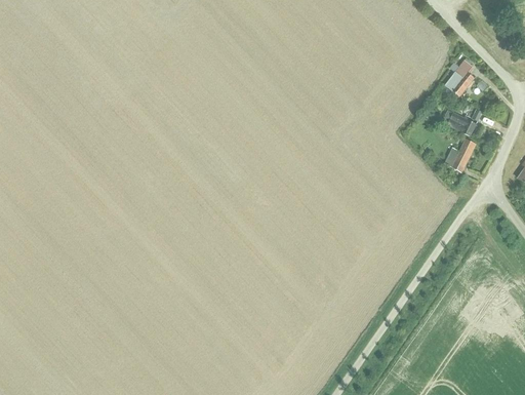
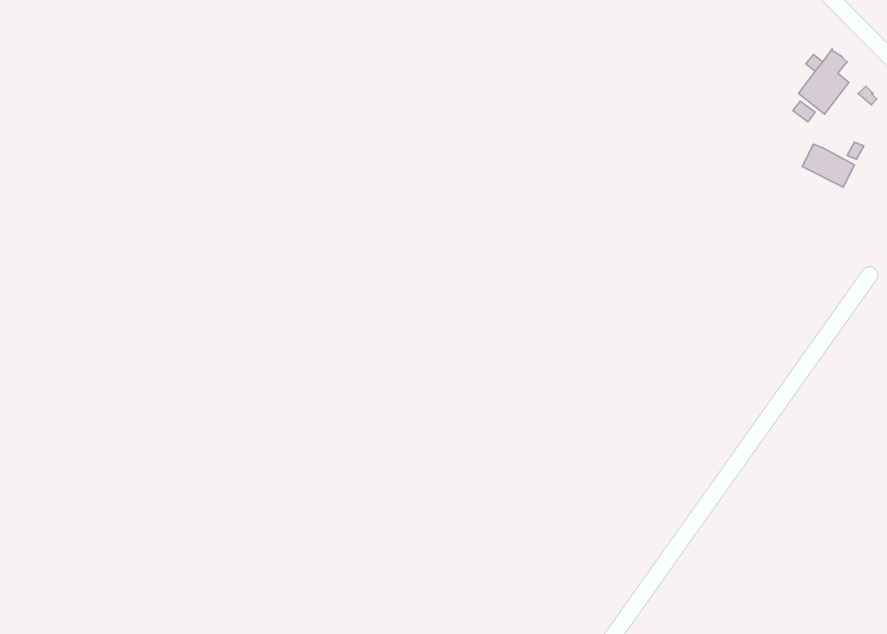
building: [445,140,475,170] -> none

